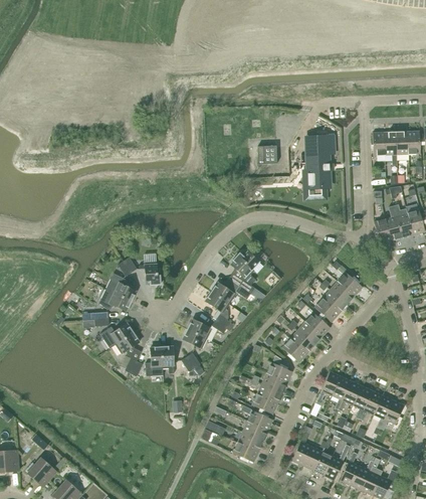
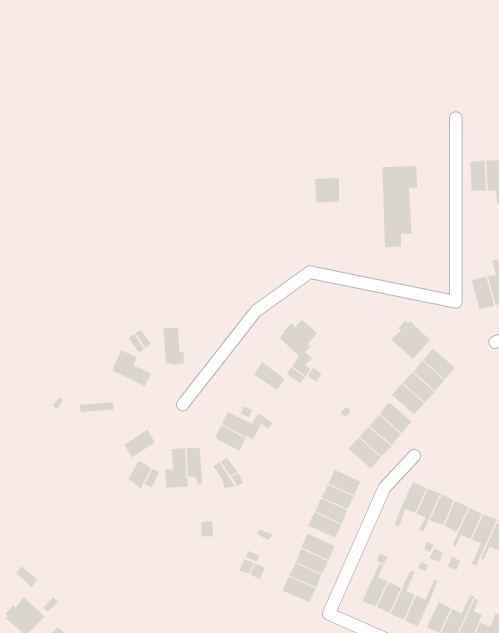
building: none -> [390,320,431,360]
building: [97,289,131,311] -> none
building: [205,292,232,328] -> none
building: [99,323,133,348] -> none

